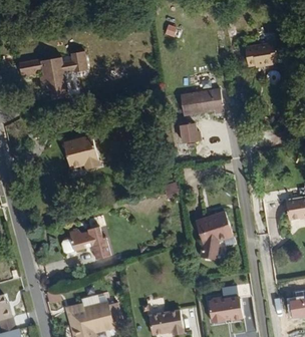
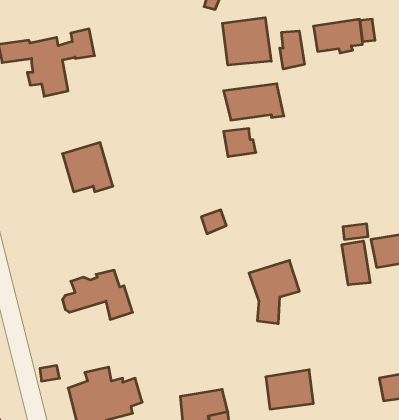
building: none -> [222,18,271,65]
building: none -> [280,31,304,69]
building: none -> [342,241,370,285]

